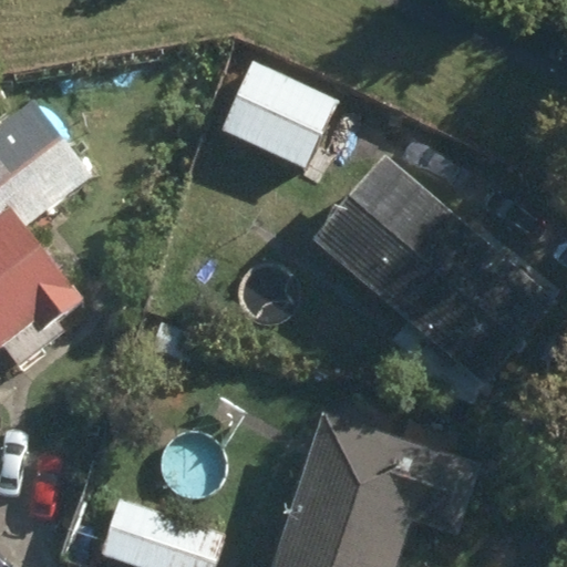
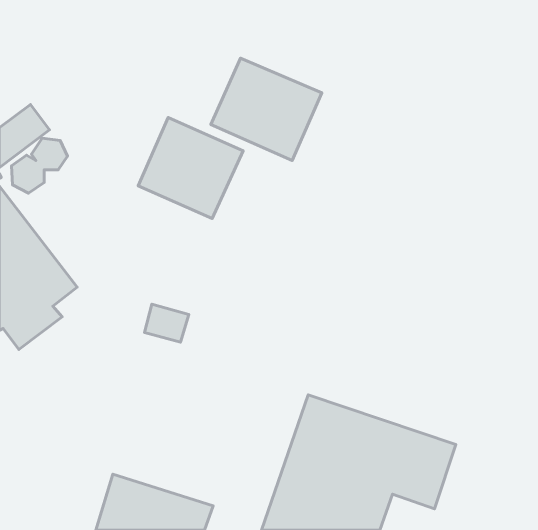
building: none -> [138,117,243,218]
building: [312,159,557,385] -> none

